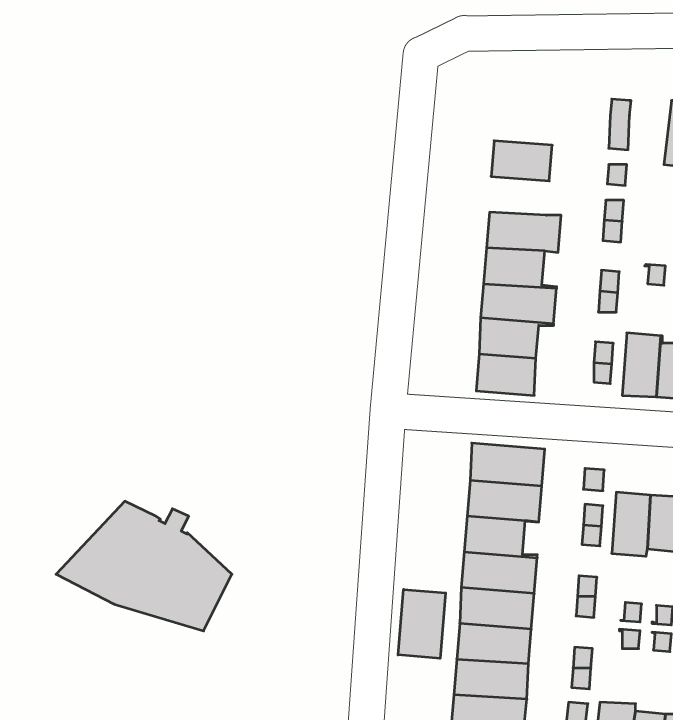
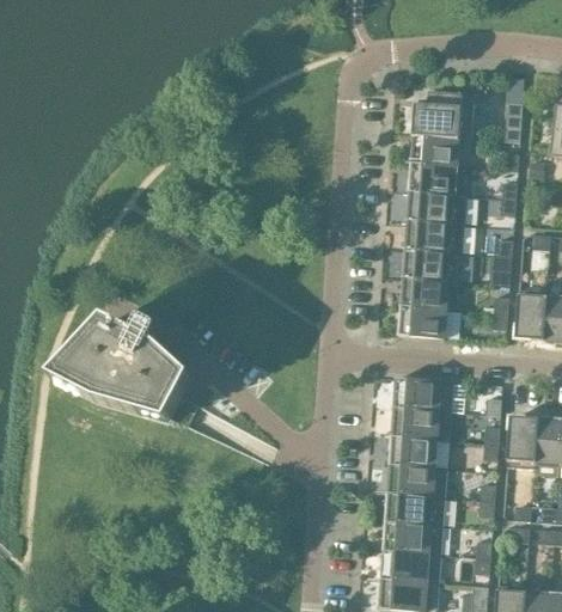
building: none -> [413,90,474,136]
building: none -> [409,161,457,192]
building: [56,501,232,631] -> [51,319,193,423]
building: [398,589,446,658] -> none

